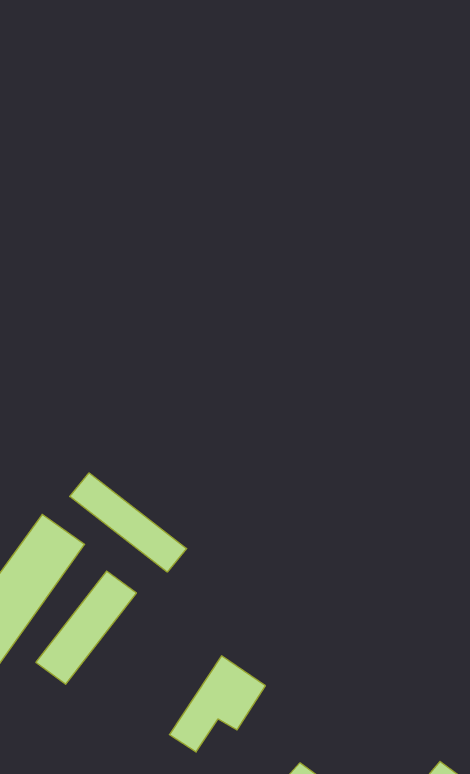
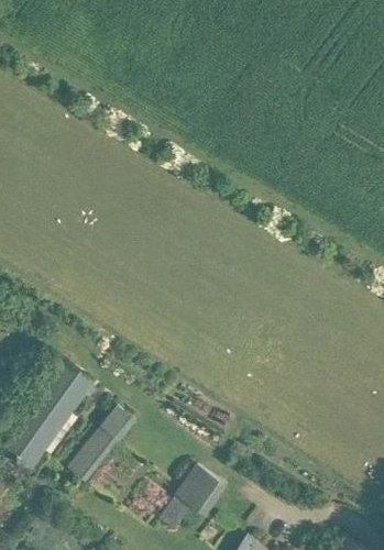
building: [70,473,187,572] -> none

